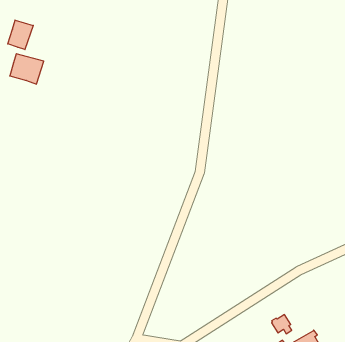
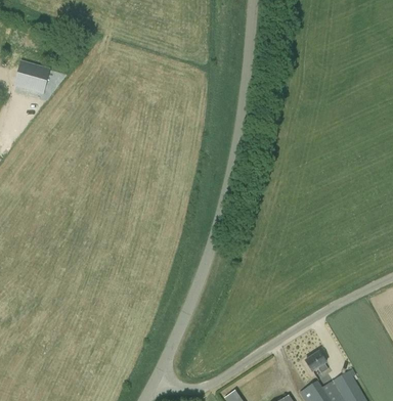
building: [8,20,33,50] -> none

